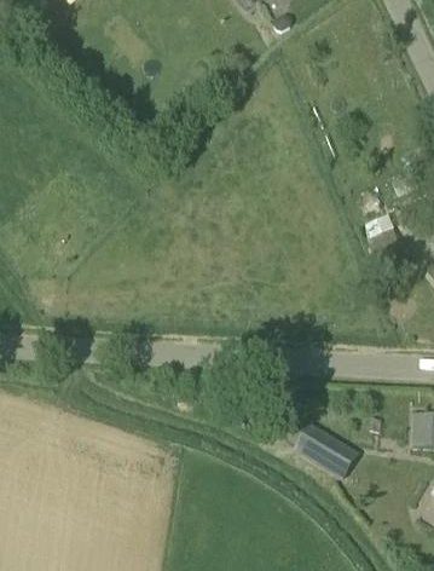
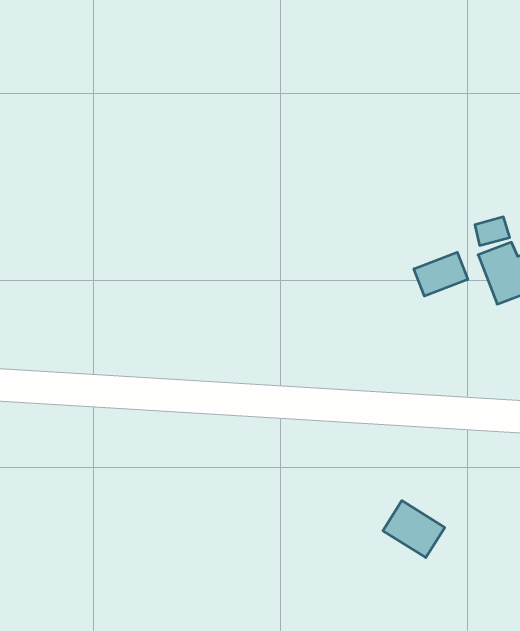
building: none -> [414,252,468,296]

